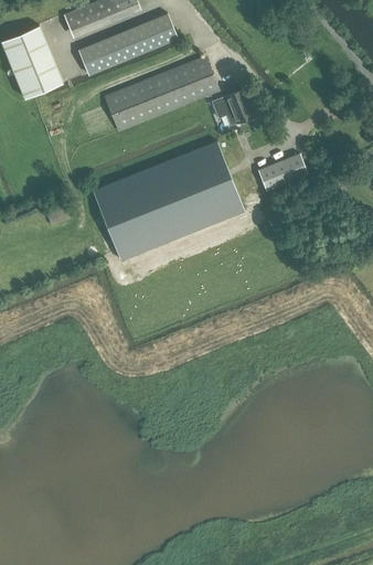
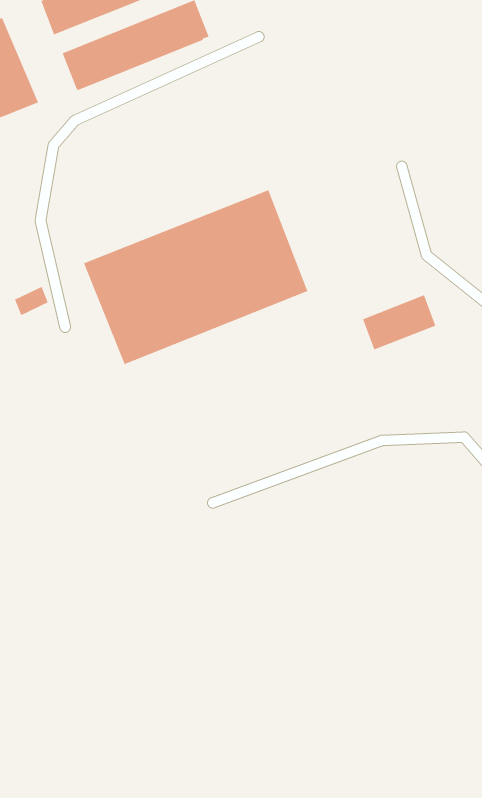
building: [104,55,221,132] -> none
building: [212,89,254,125] -> none
building: [258,153,308,191] -> [362,295,436,350]

